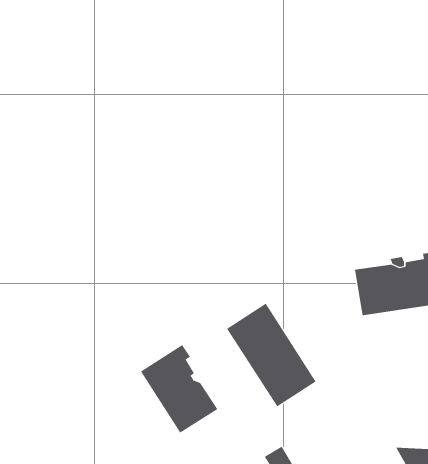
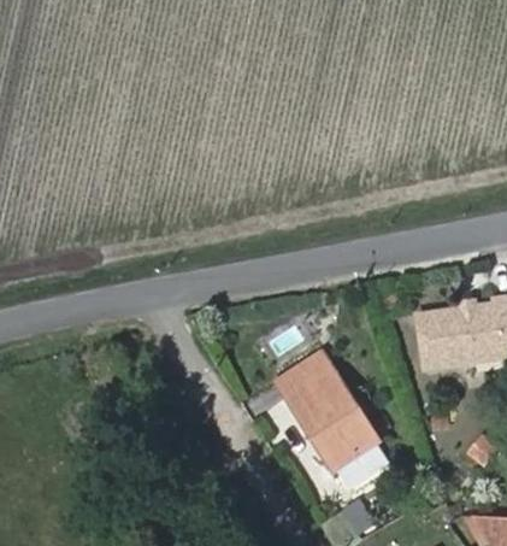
building: [140,344,218,433] -> none

